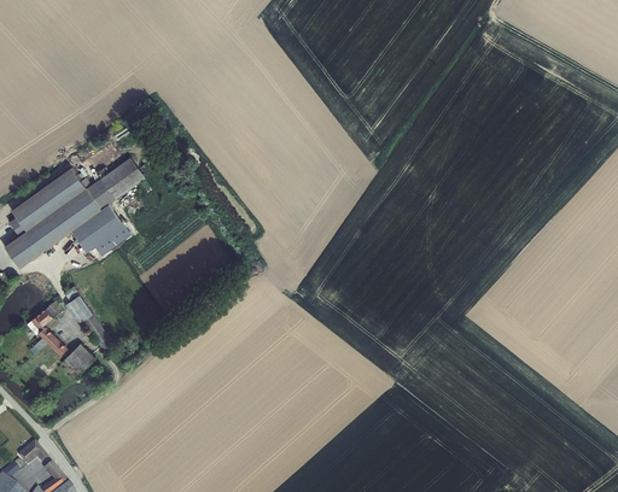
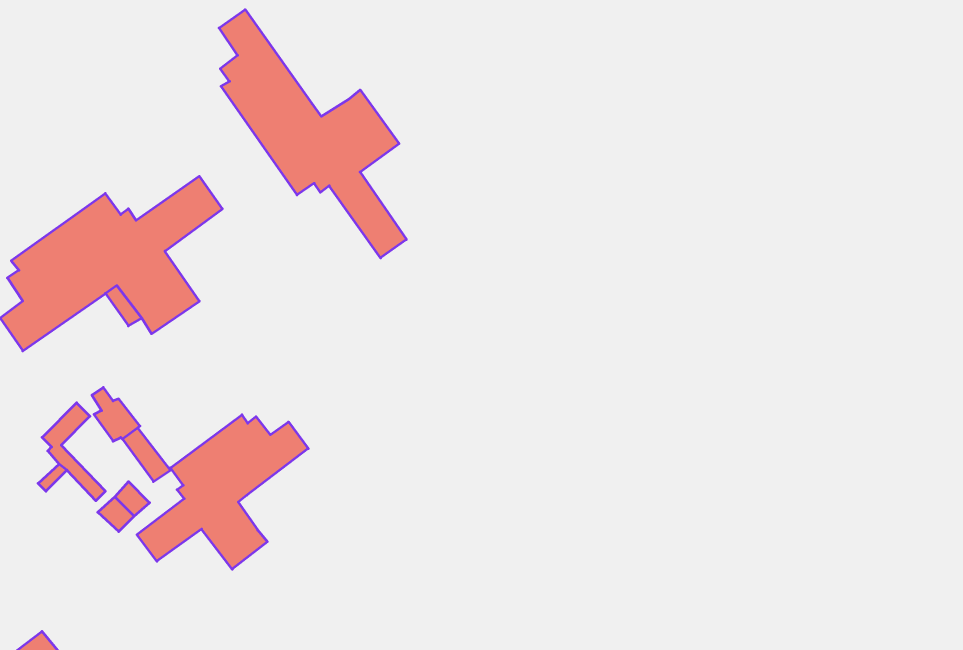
building: none -> [219,10,406,258]
building: none -> [137,415,308,569]

